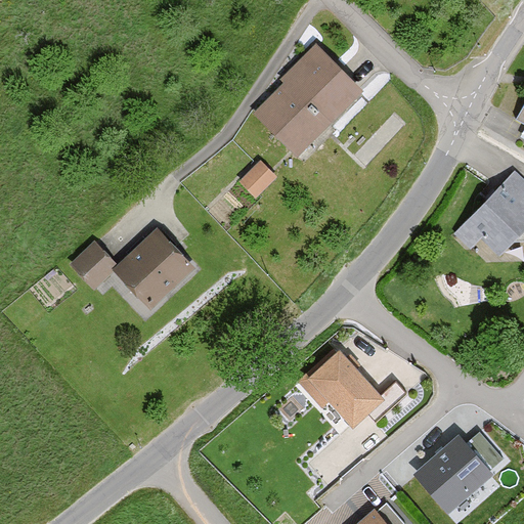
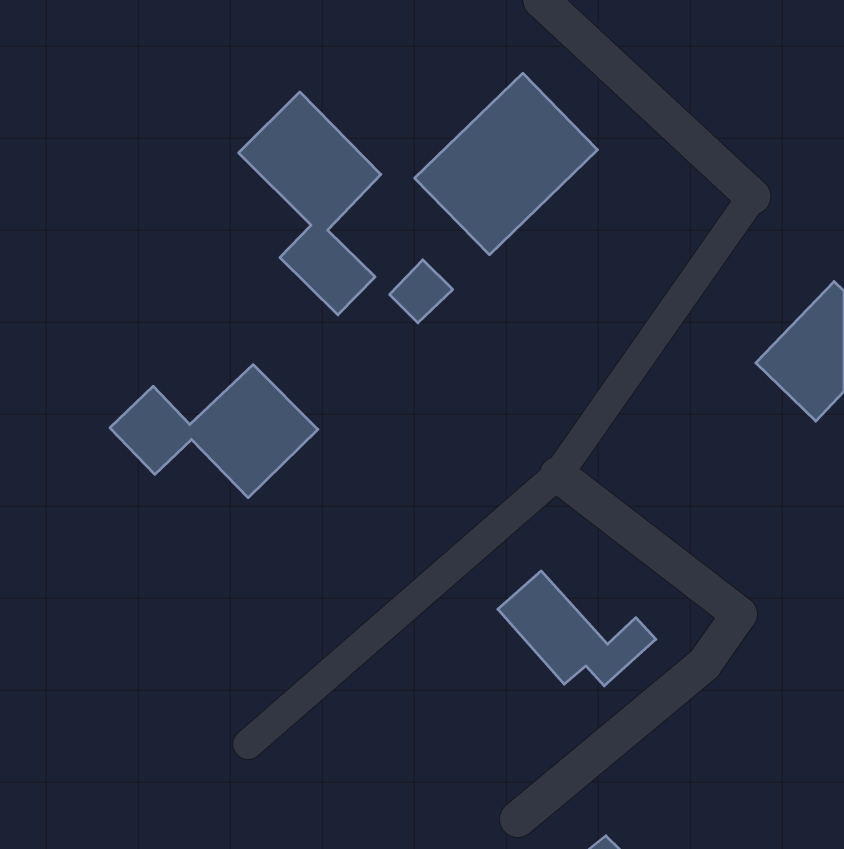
building: none -> [239,92,381,315]
building: [412,433,498,509] -> none

